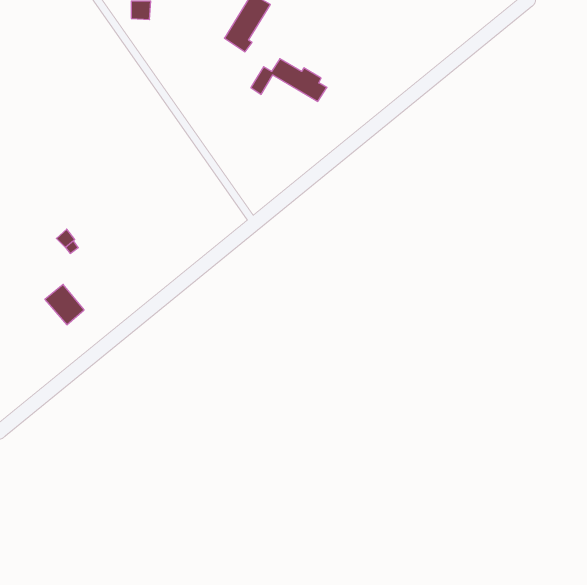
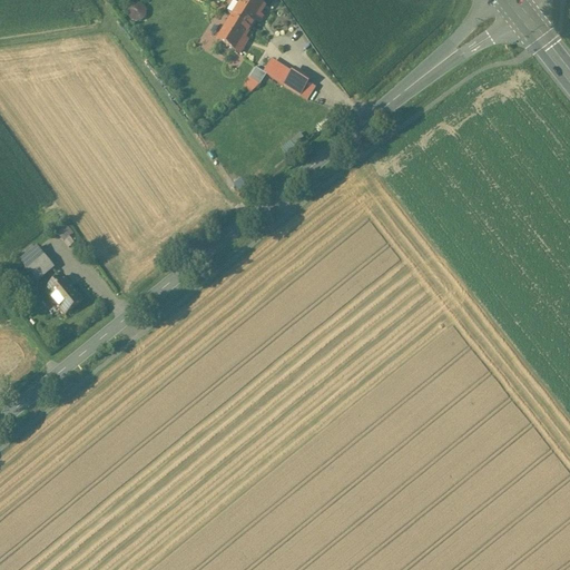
building: none -> [19,245,53,281]

